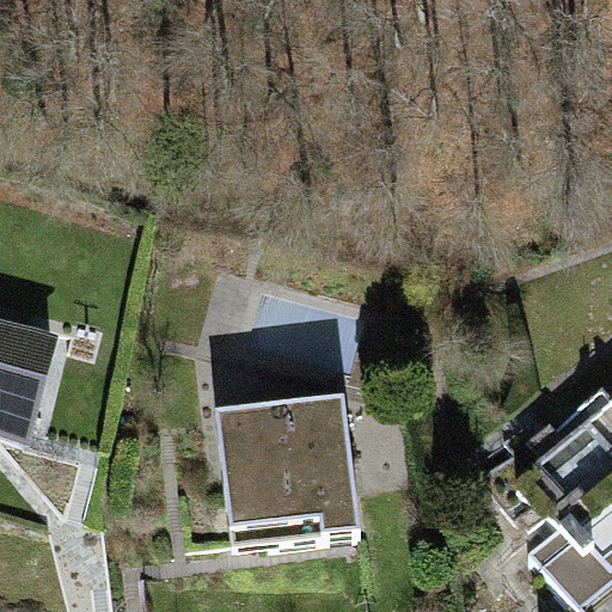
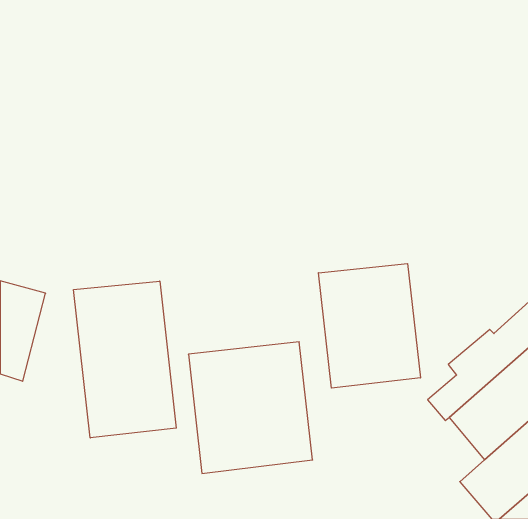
building: none -> [318,264,420,388]
building: none -> [74,281,176,438]

